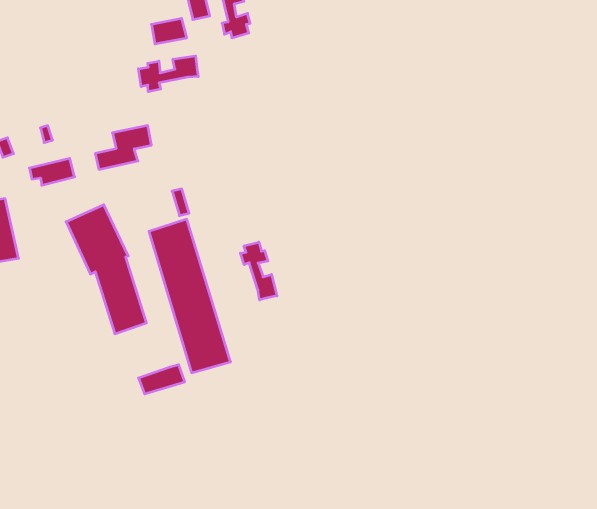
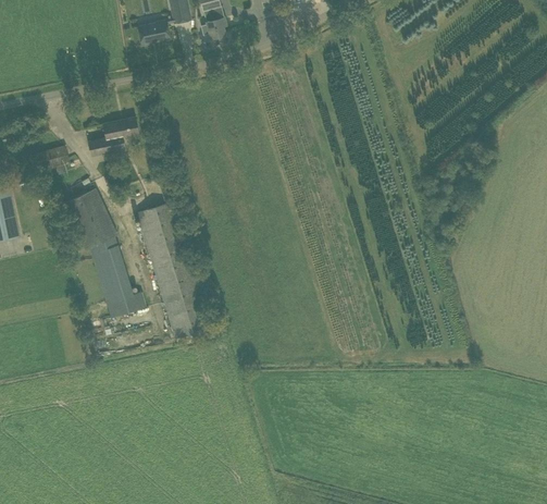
building: [138,56,198,92] -> none
building: [240,242,277,300] -> none
building: [138,365,185,394] -> [105,291,147,317]

